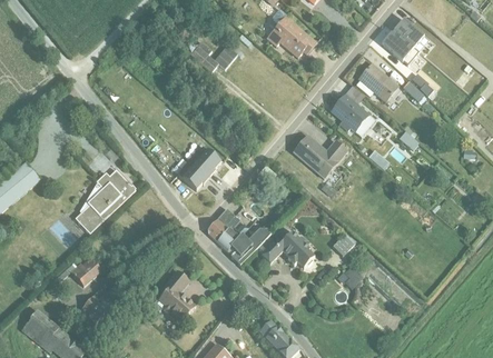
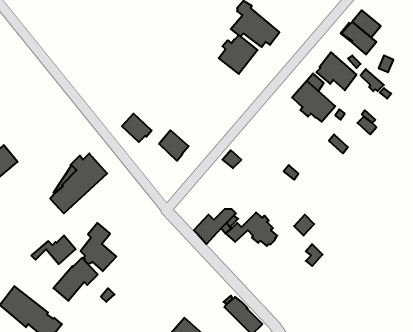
building: none -> [219,35,258,74]
building: [292,133,347,178] -> none
building: [177,159,208,189] -> [122,114,152,142]
building: [207,208,241,250] -> none
building: [158,269,196,320] -> [81,223,116,271]

